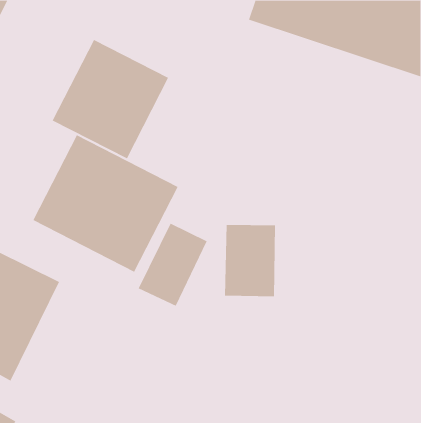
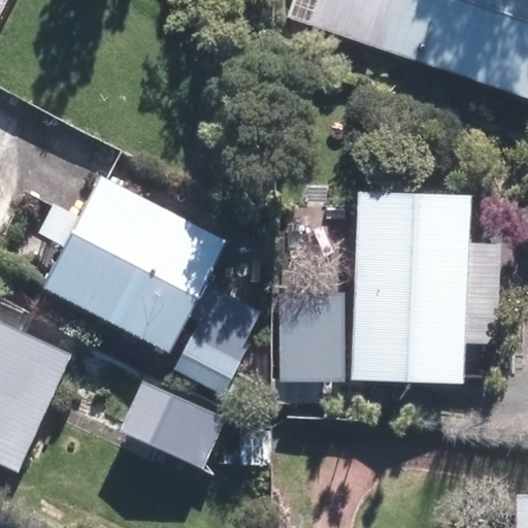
building: [52,39,169,159] -> none
building: none -> [354,197,464,384]
building: none -> [122,384,241,474]

